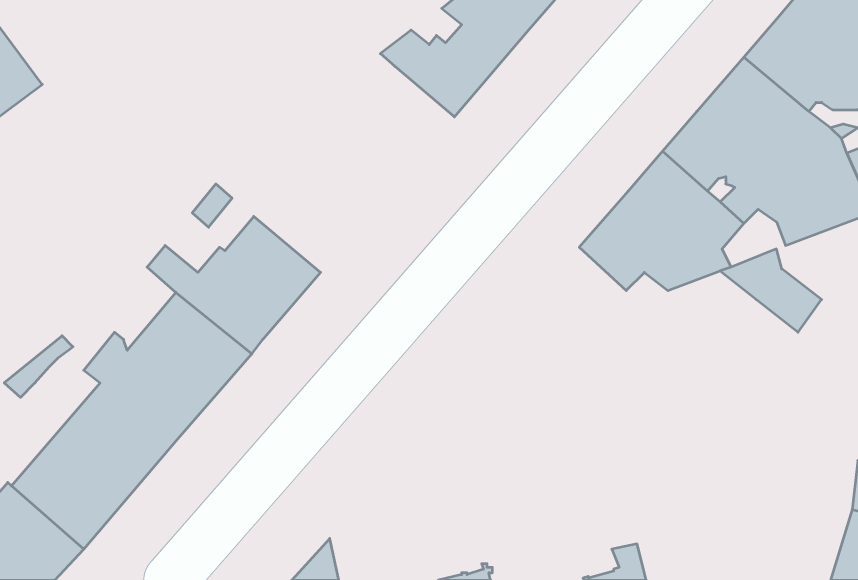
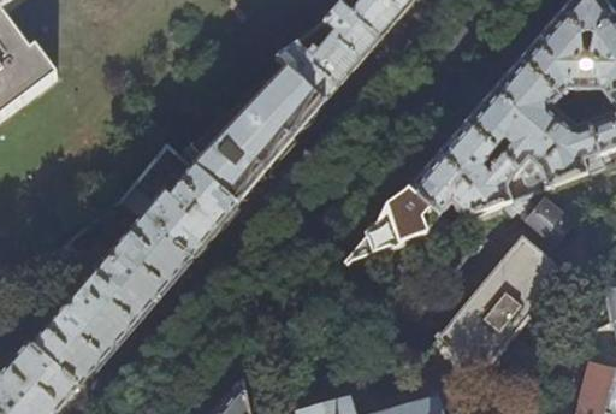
building: none -> [190,65,326,202]
building: none -> [345,185,449,261]
building: none -> [433,236,563,373]

